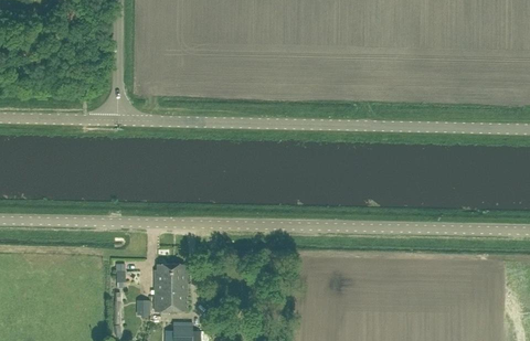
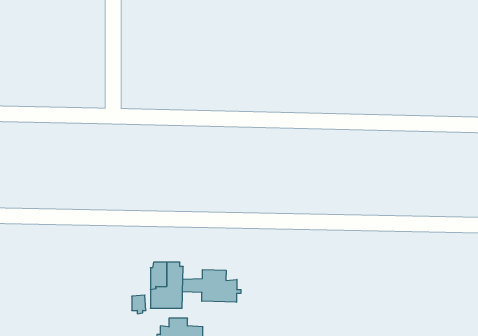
building: none -> [183,270,241,302]

